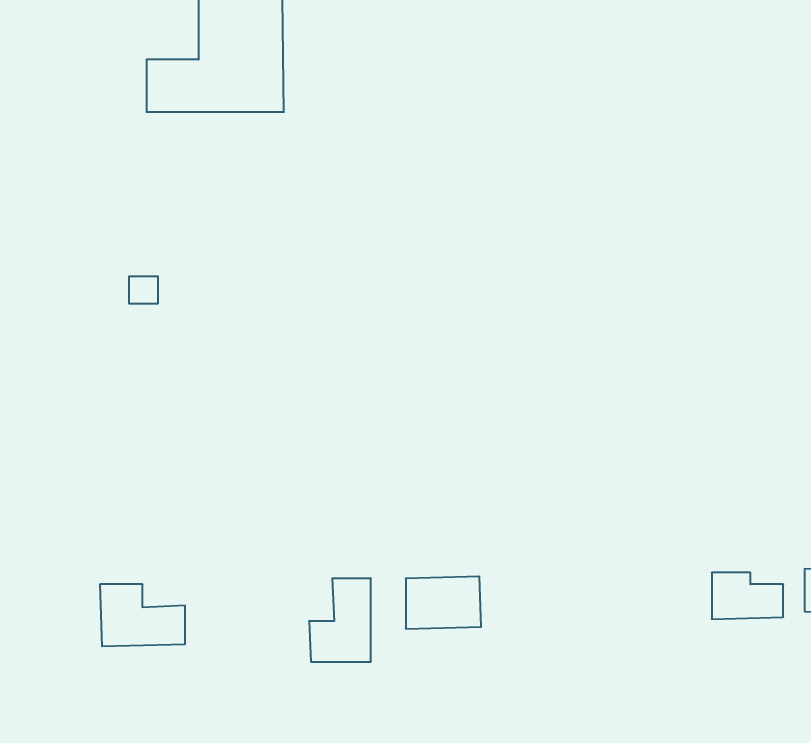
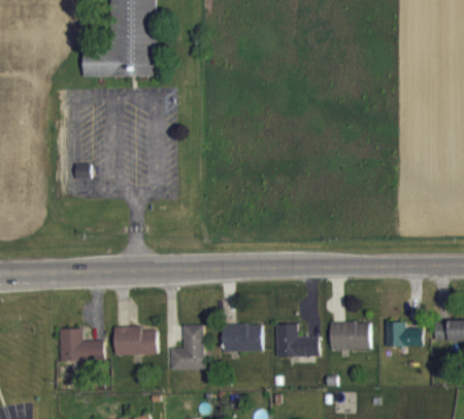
building: none -> [330,322,369,350]
building: none -> [275,323,319,357]
building: none -> [113,326,157,355]

